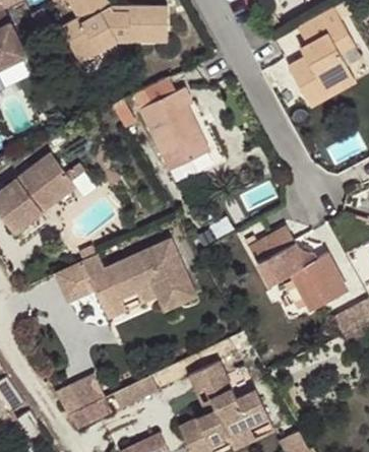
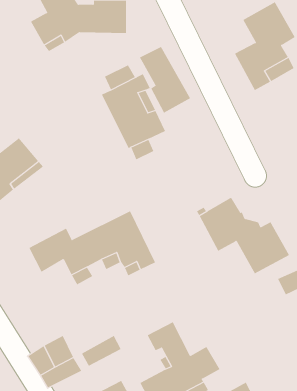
building: none -> [139,46,191,114]

